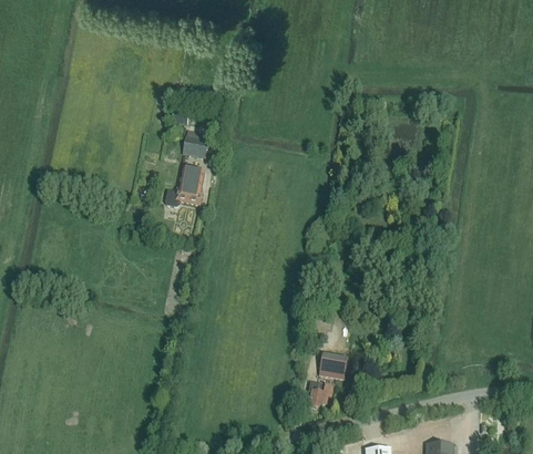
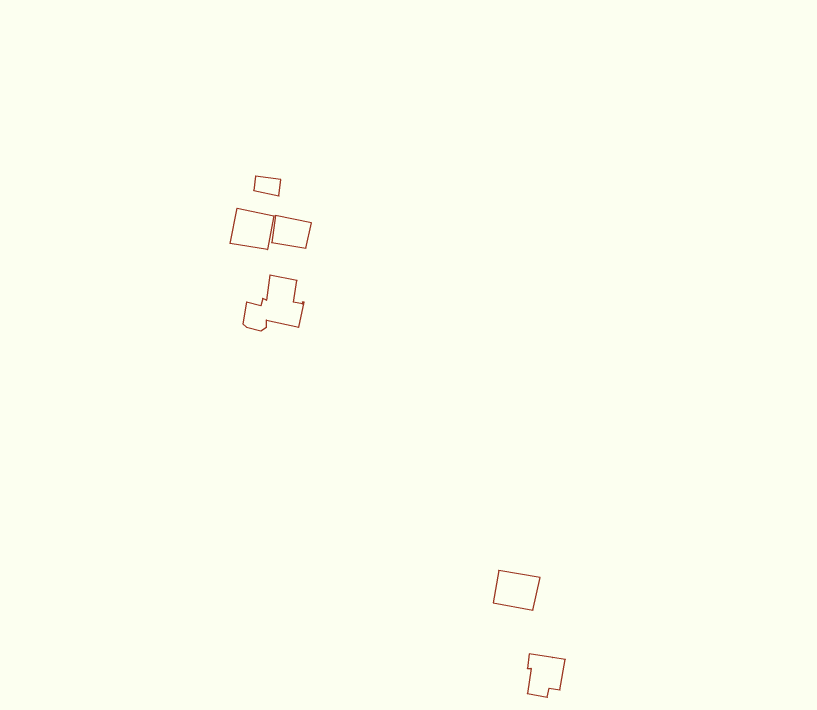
building: none -> [230,208,274,250]
building: [309,381,332,407] -> [527,654,565,697]

